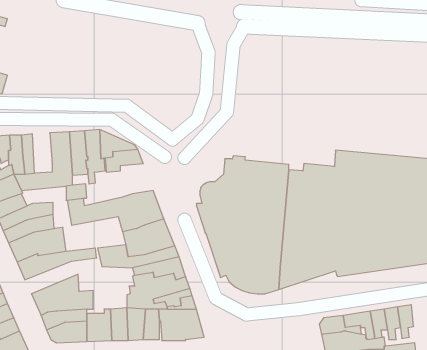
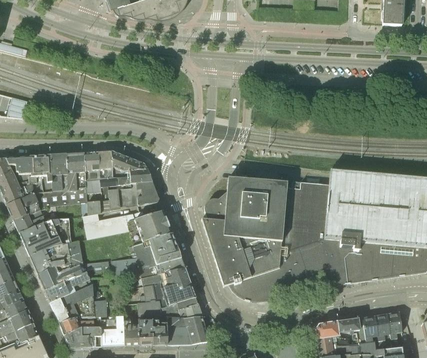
building: none -> [50,153,68,190]
building: none -> [107,181,158,207]
building: none -> [43,271,92,301]

